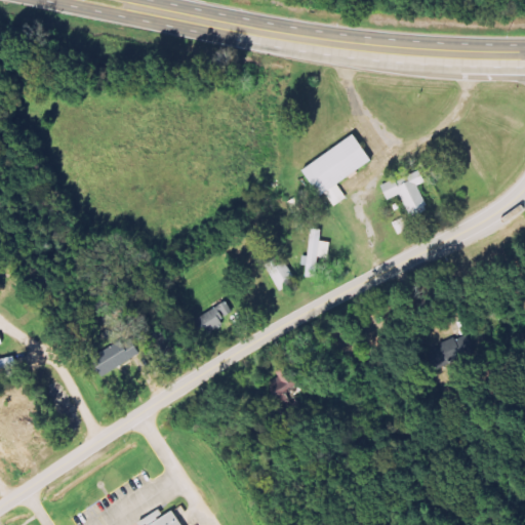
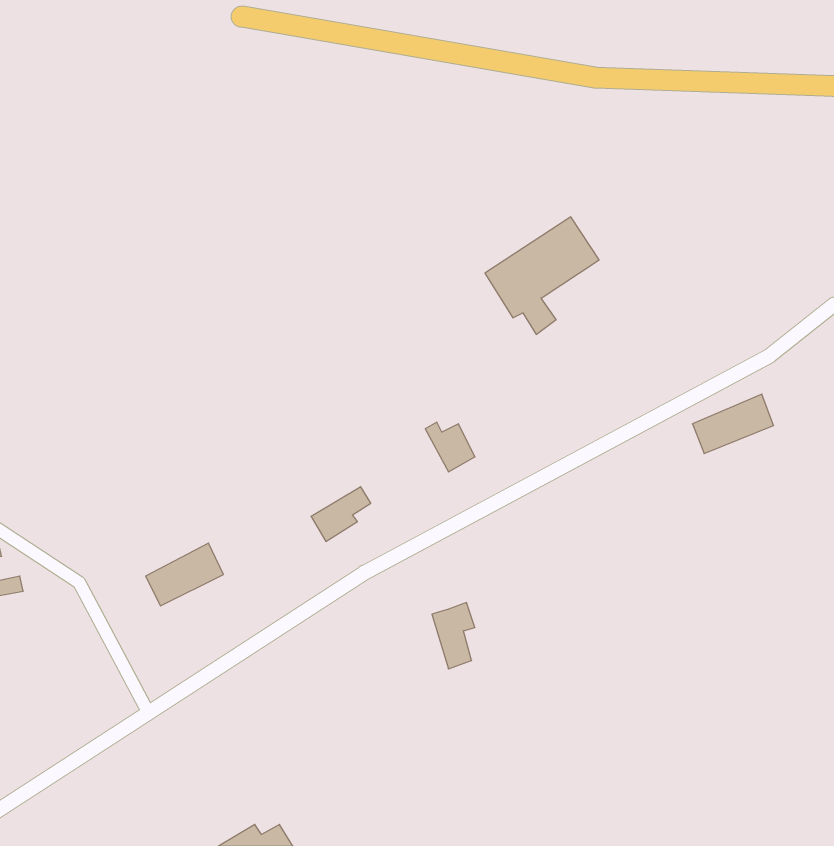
building: [380,169,427,218] -> none
building: [298,229,328,279] -> none
building: [419,334,470,371] -> [692,394,774,454]

